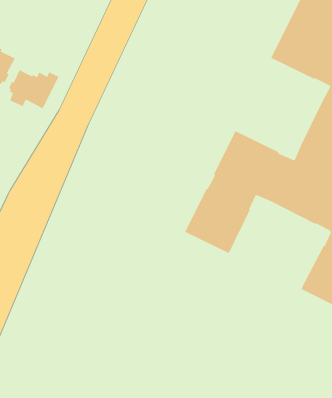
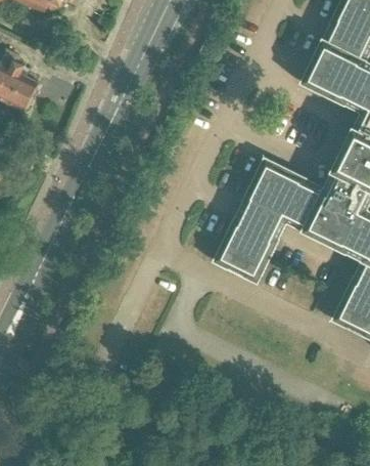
building: [8,69,59,109] -> none

